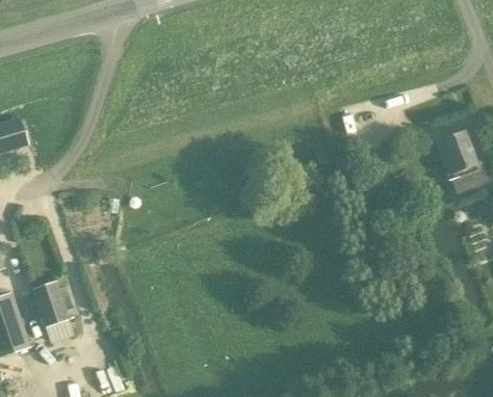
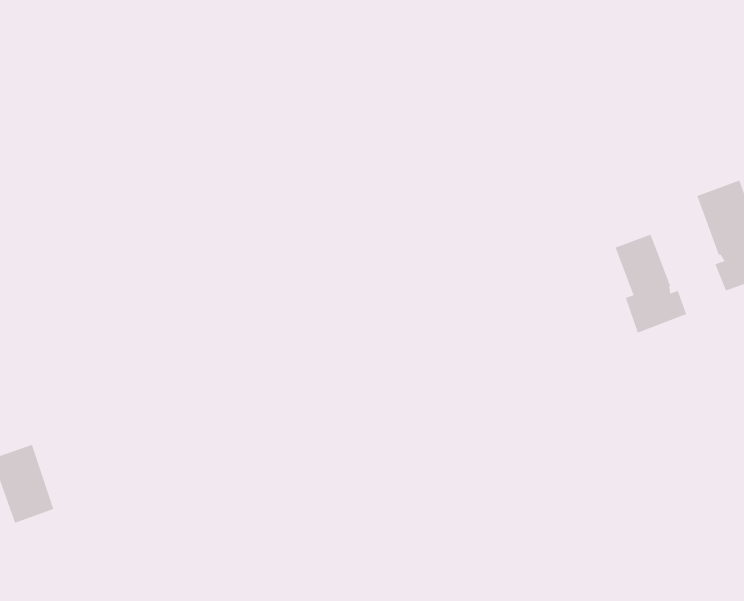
building: none -> [615,234,687,333]

